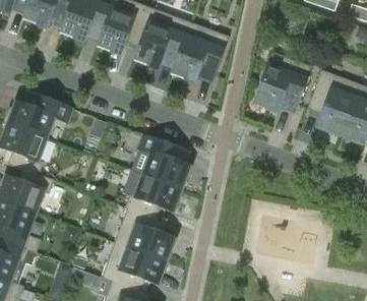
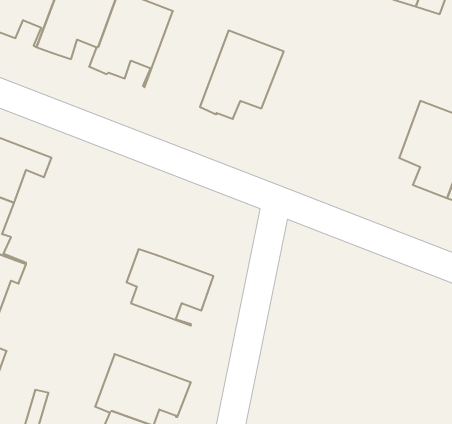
building: [134,8,191,73] -> none
building: [253,51,311,112] -> none
building: [130,134,190,188] -> none
building: [114,206,175,260] -> none

